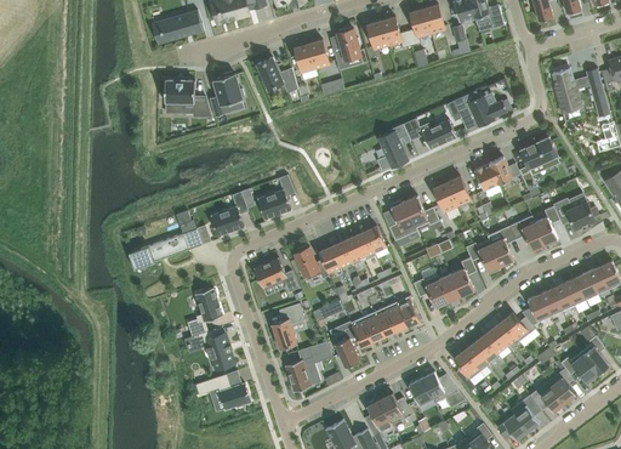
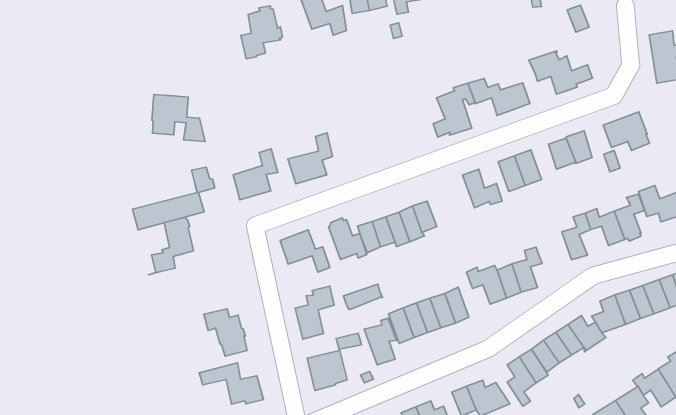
building: [165,80,211,116] -> [152,94,205,142]
building: [388,200,417,240] -> none
building: [466,239,501,274] -> none
building: [186,288,222,339] -> [149,217,194,275]

